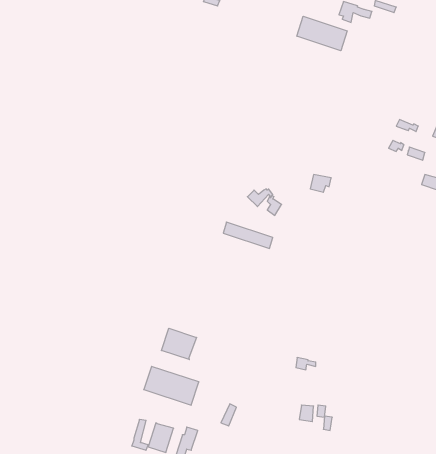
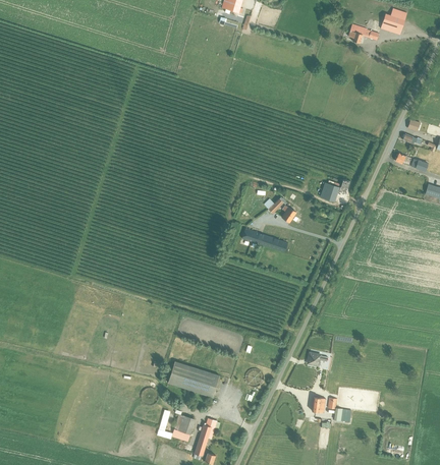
building: [297,16,347,51] -> none
building: [161,328,197,360] -> none

